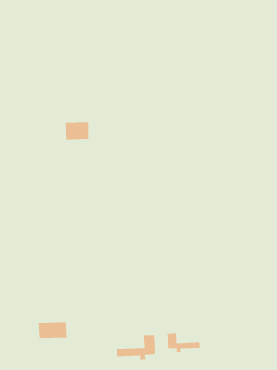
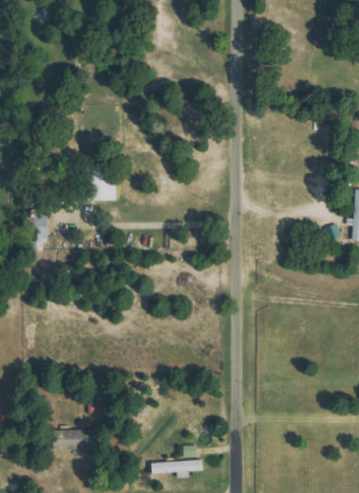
building: [167,332,201,353] -> none

